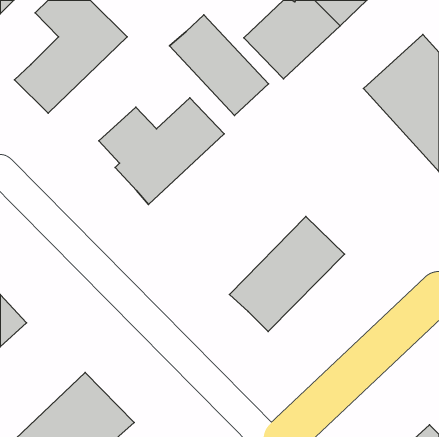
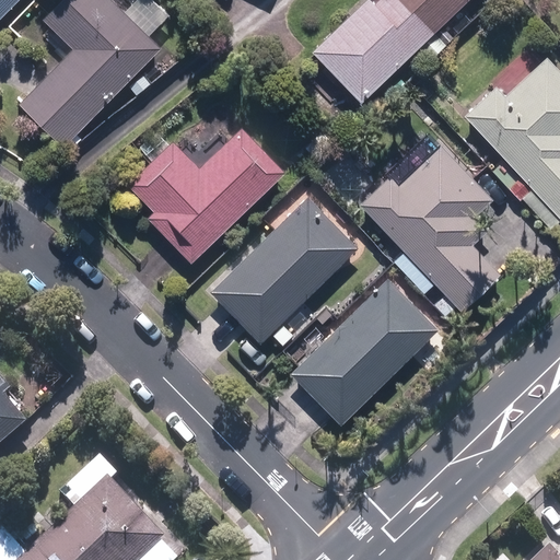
building: [170,15,269,115] -> none
building: none -> [361,135,501,311]
building: none -> [209,196,358,343]

